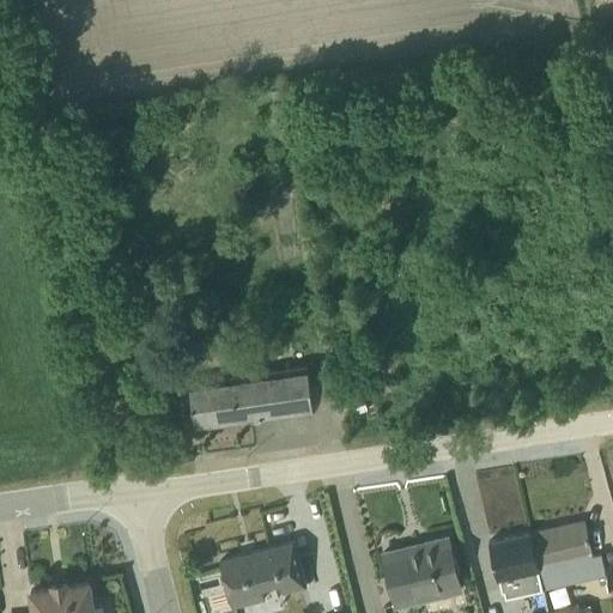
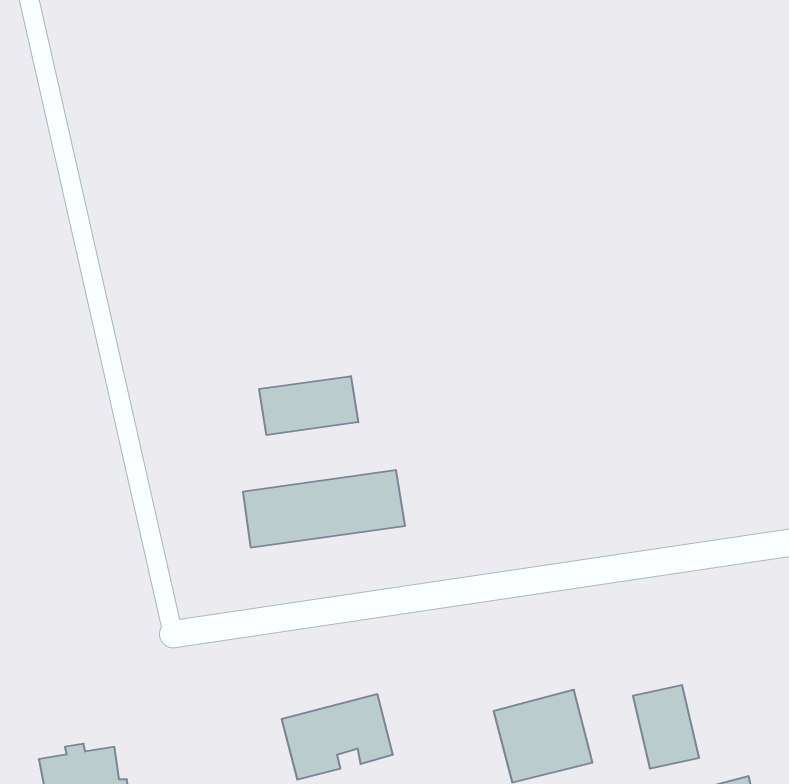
building: none -> [259,376,358,435]
building: [528,524,603,591] -> none

